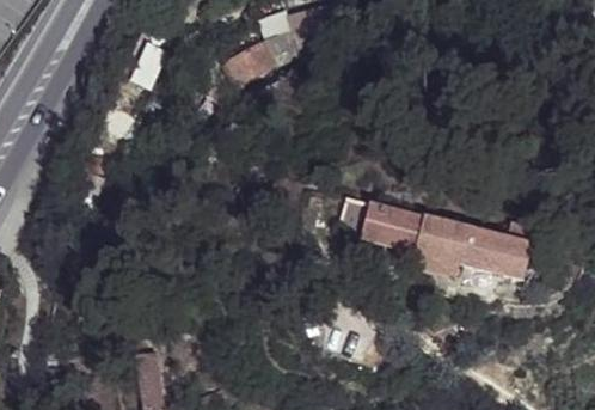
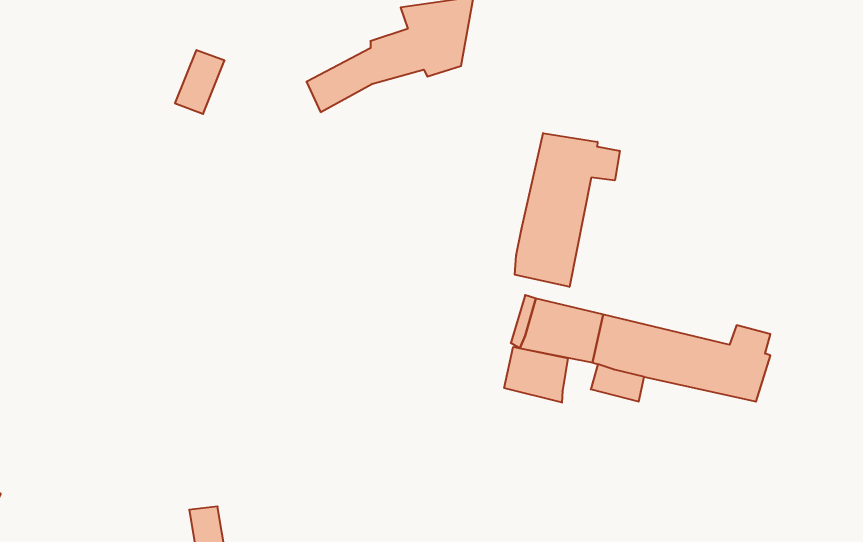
building: none -> [515,133,620,287]
building: none -> [504,347,568,403]

